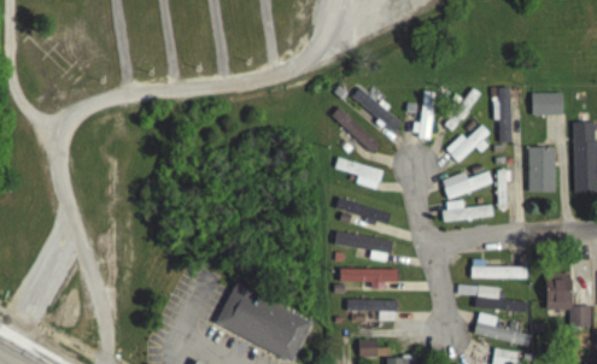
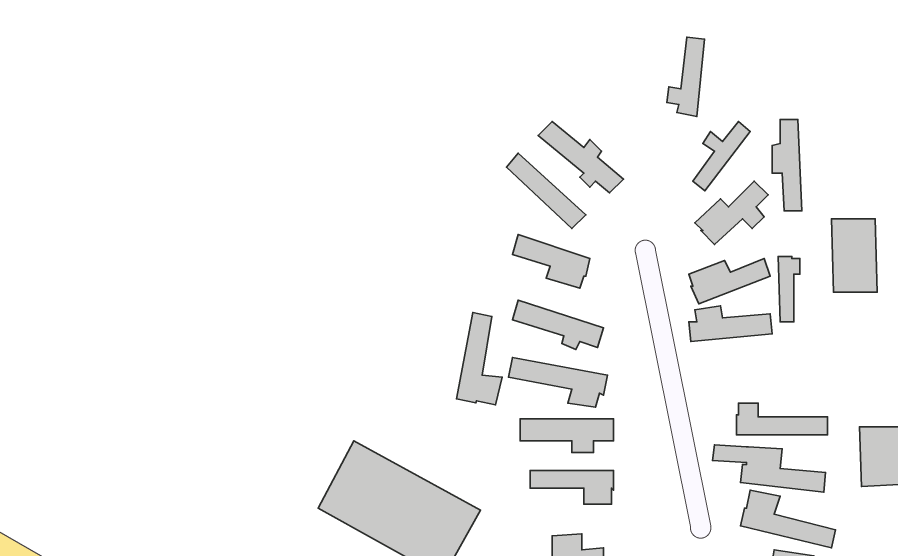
building: [412,92,435,140] -> [667,37,705,116]
building: [533,92,564,116] -> none
building: none -> [457,313,502,405]

